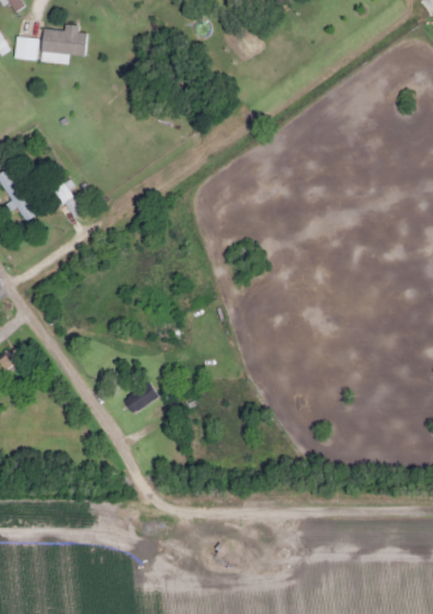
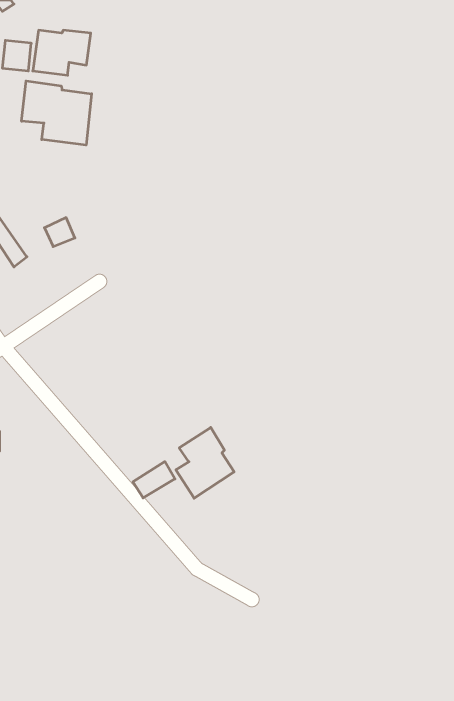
building: none -> [22,81,92,145]
building: none -> [176,427,234,498]

